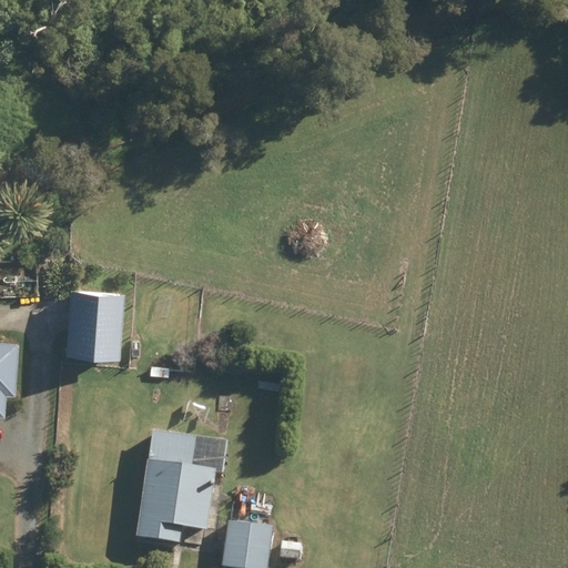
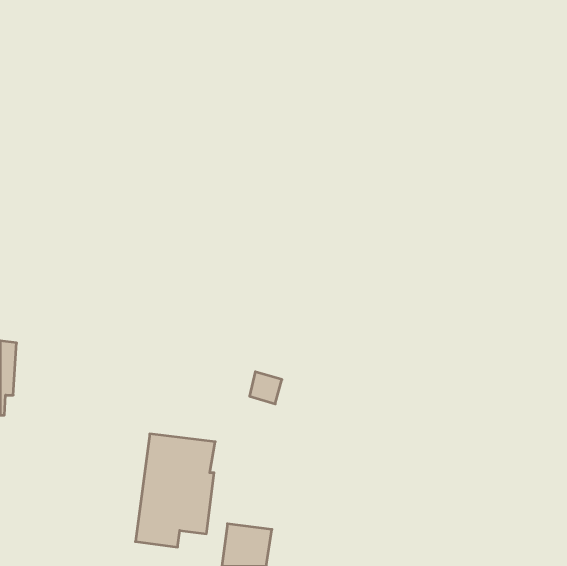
building: [65,288,122,358] -> none

